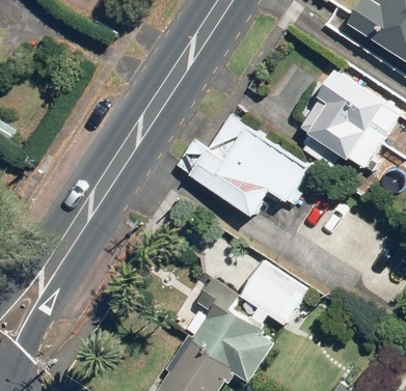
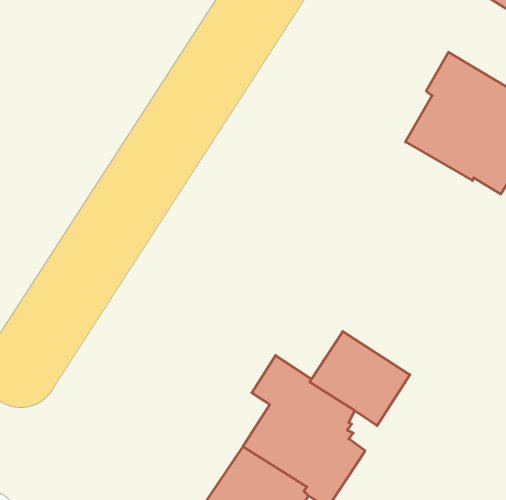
building: [191,120,312,223] -> none

